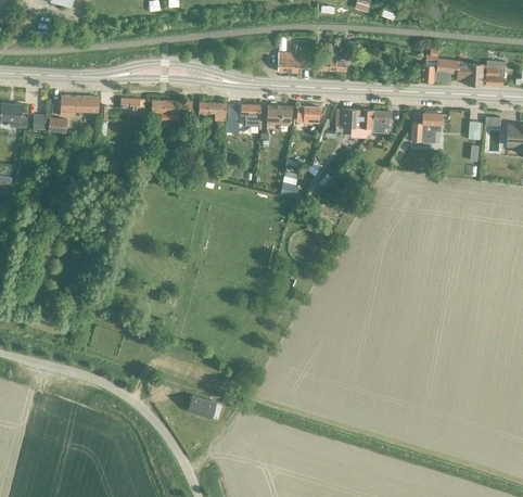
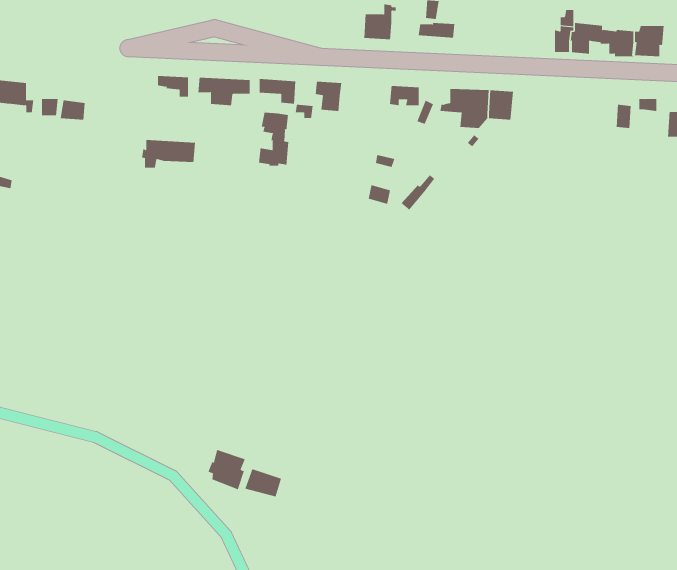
building: [59,94,100,116] -> [141,140,196,168]
building: [266,104,293,125] -> none
building: [412,113,443,143] -> none
building: none -> [258,110,289,166]
building: none -> [208,449,246,490]

